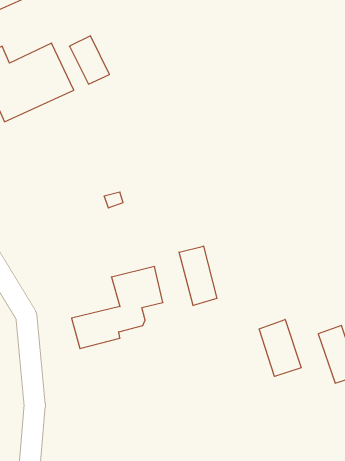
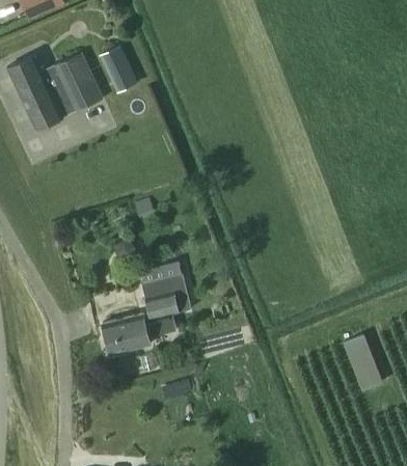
building: [179,246,217,306] -> none
building: [259,319,301,376] -> none

